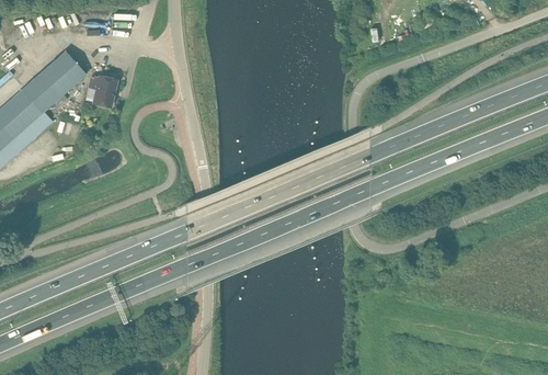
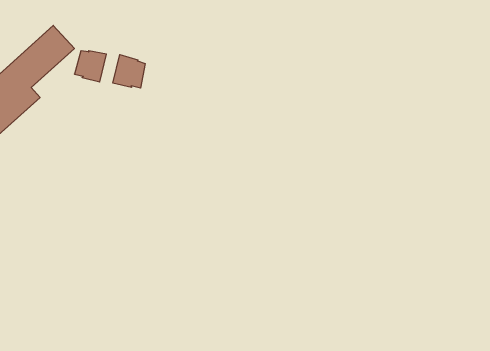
building: none -> [113,55,145,88]

